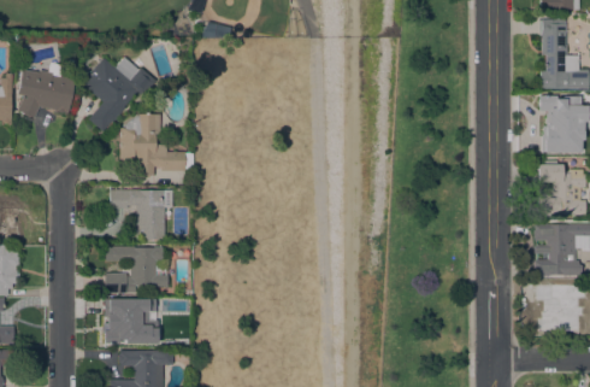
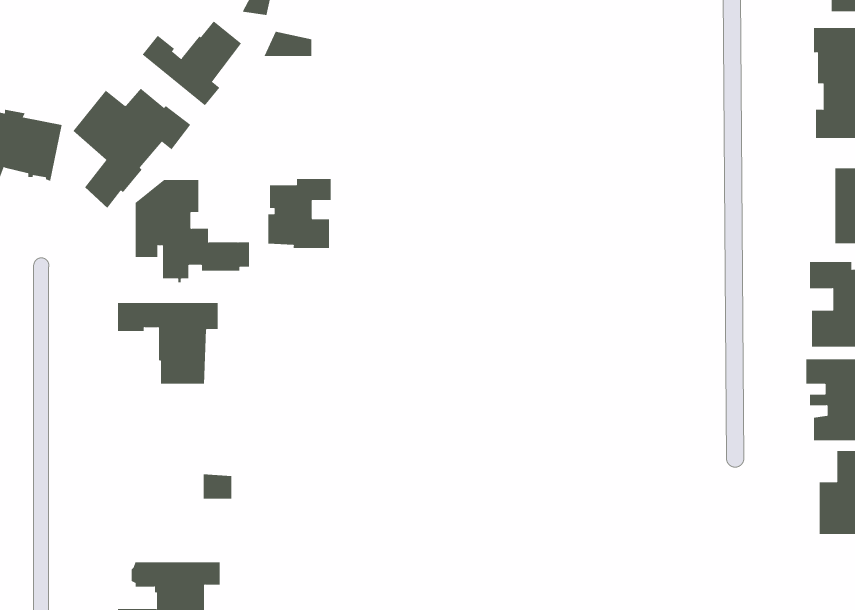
building: none -> [142,21,242,106]
building: none -> [268,178,331,249]
building: [105,246,167,292] -> none
building: [107,304,151,345] -> none

